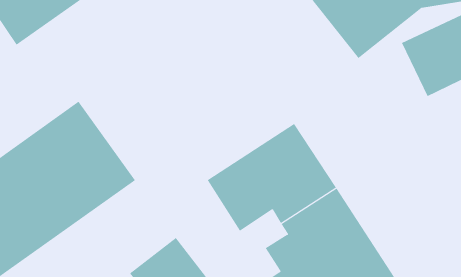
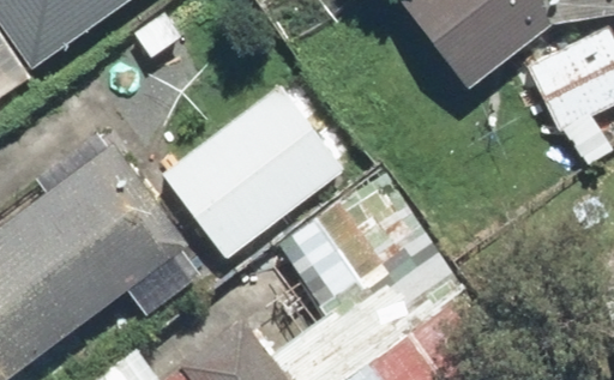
building: none -> [155,85,343,264]

